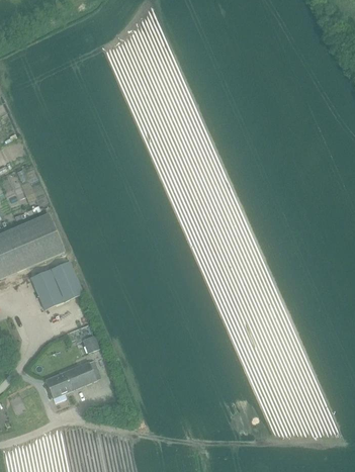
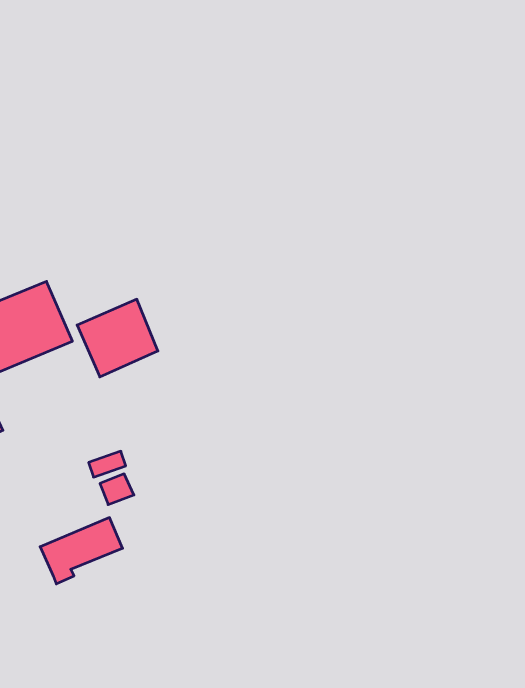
building: [29,261,80,309] -> [77,299,158,377]

